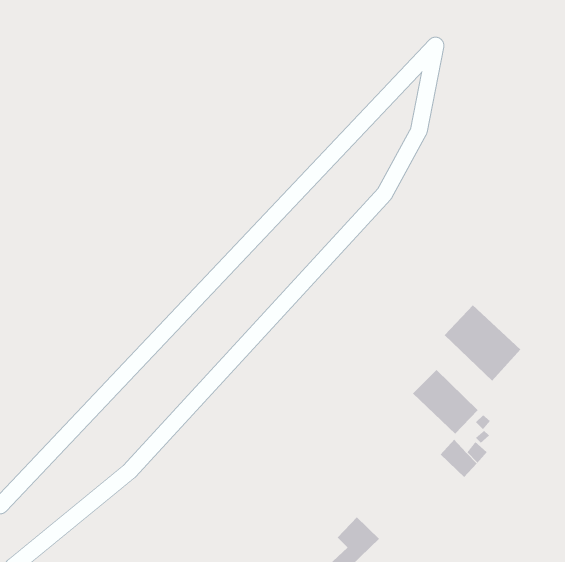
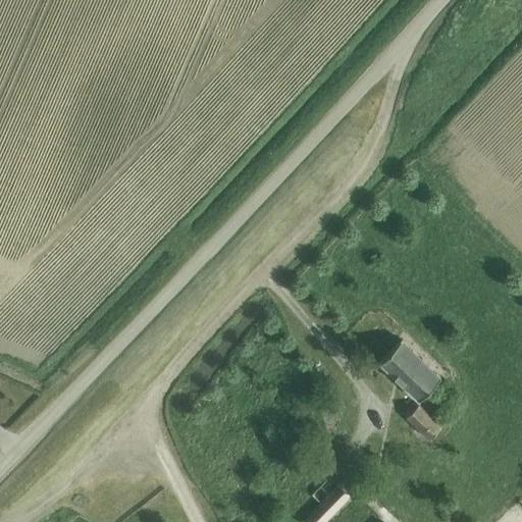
building: [444,304,521,382] -> none

